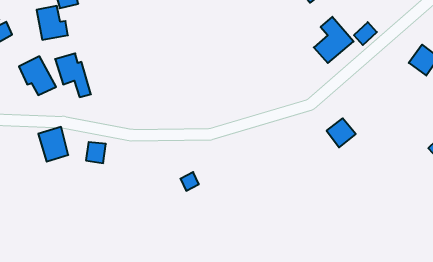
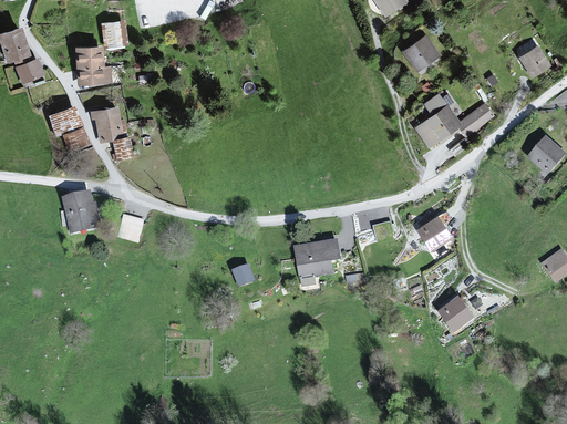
building: none -> [296,240,344,279]
building: none -> [440,298,476,334]

